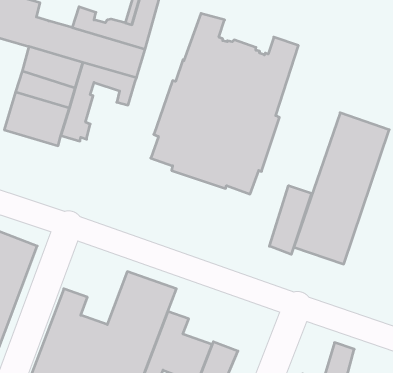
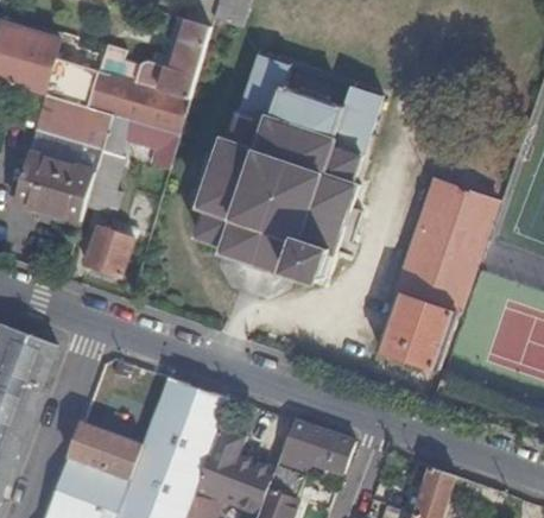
building: none -> [84,228,139,278]
building: [269,186,312,254] -> none
building: none -> [276,422,354,479]

